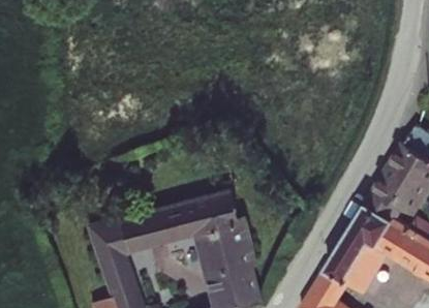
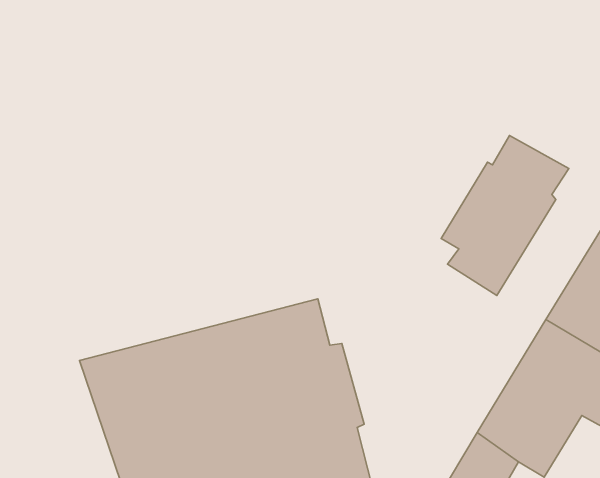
building: none -> [441,135,569,296]

